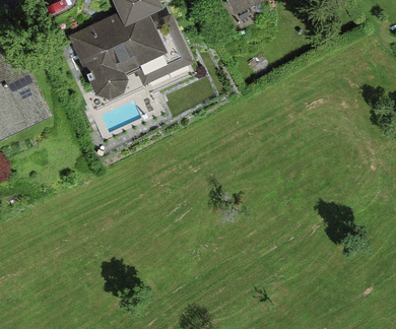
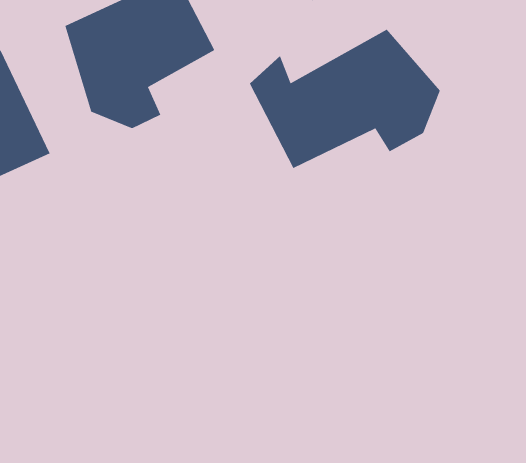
building: none -> [249,29,441,169]

